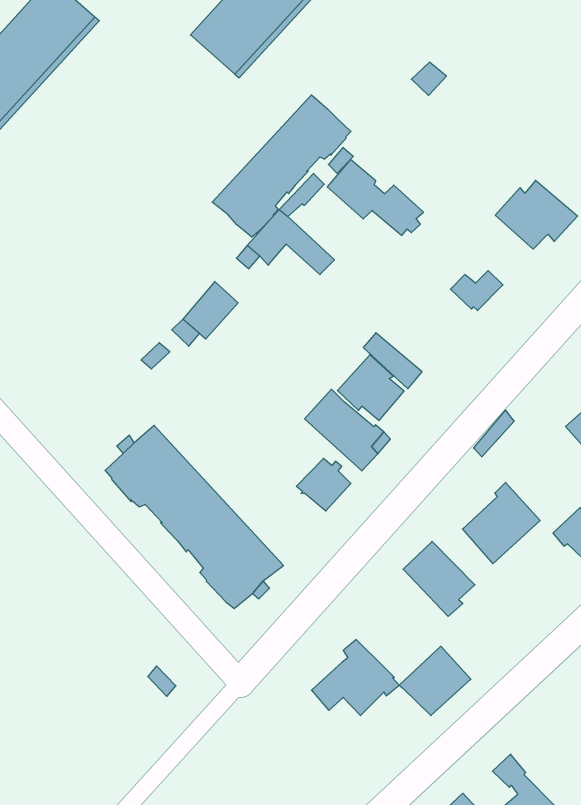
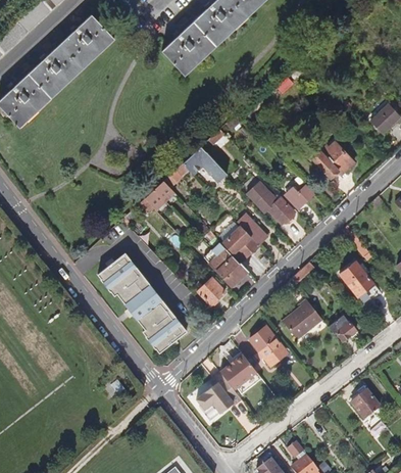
building: [212,95,351,237] -> none
building: [327,159,423,235] -> [246,182,295,224]
building: [399,646,471,716] -> [219,353,257,389]

